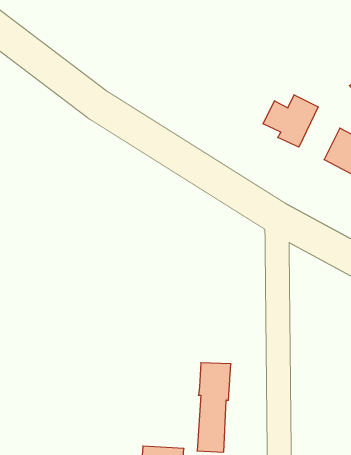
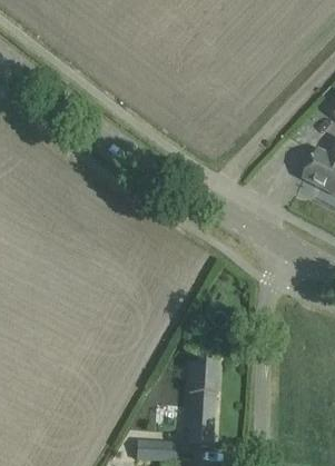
building: [263,95,318,147] -> none

